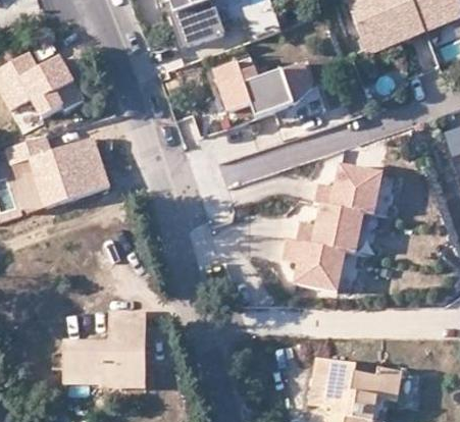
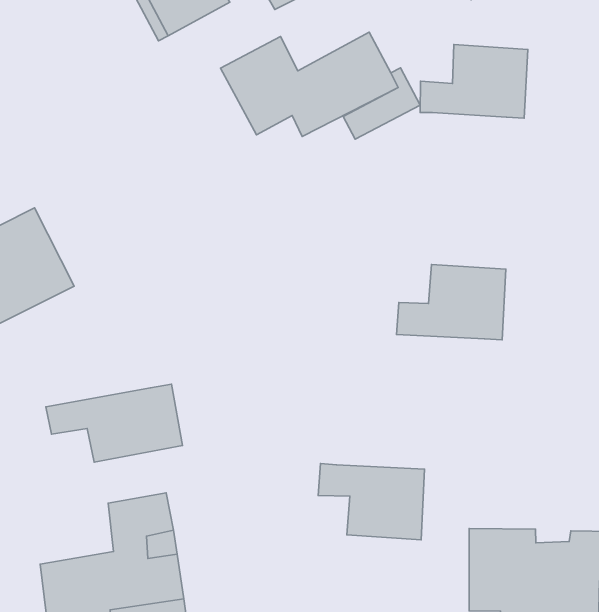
building: [312,165,380,214] -> [420,45,528,118]
building: [279,239,344,292] -> [318,464,425,540]
building: none -> [46,384,182,462]

